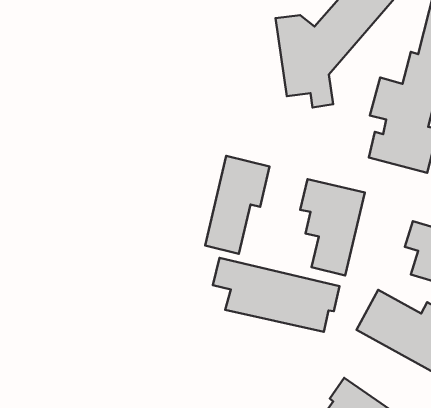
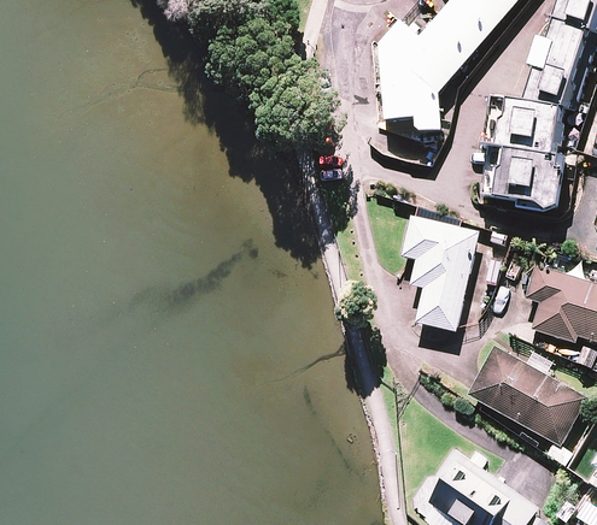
building: [205,156,269,254] -> none
building: [213,258,339,332] -> none

